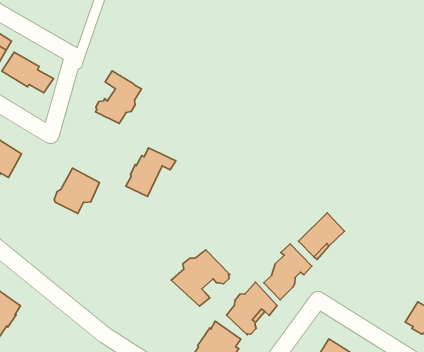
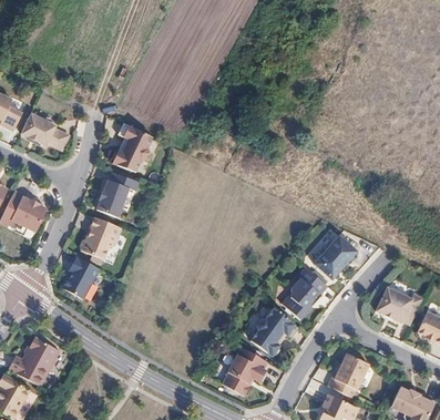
building: [126,148,176,196] -> [94,172,139,217]
building: none -> [61,255,99,298]
building: [171,250,230,306] -> none
building: none -> [376,287,423,325]

